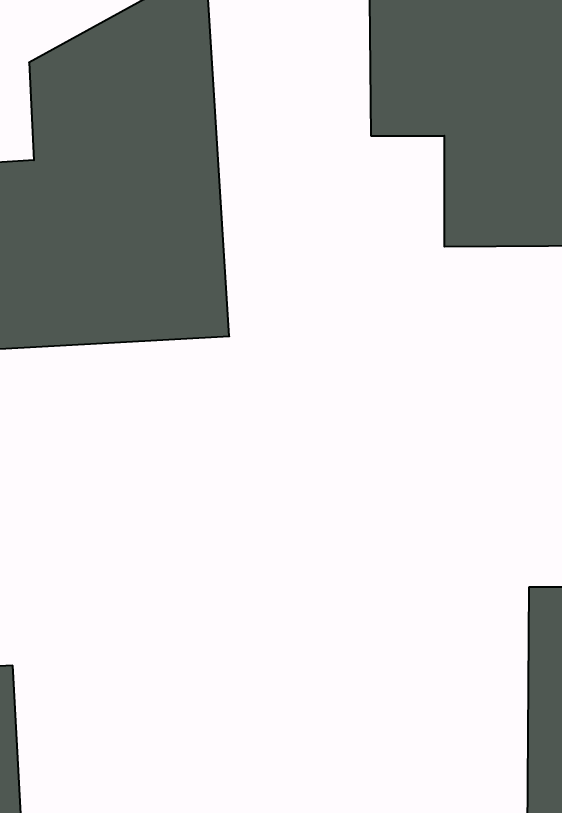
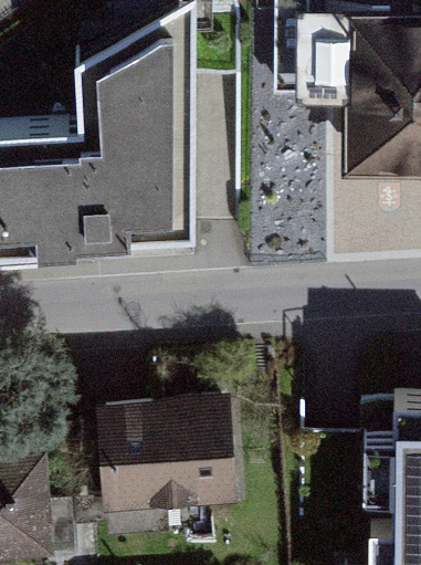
building: none -> [101,409,240,522]

